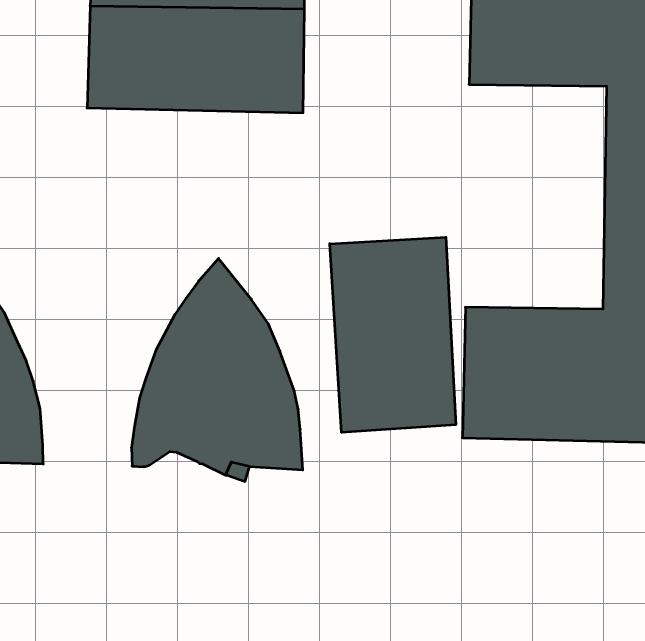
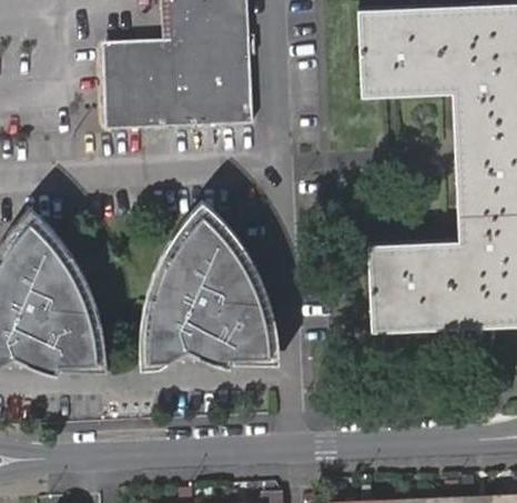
building: [330,237,456,432] -> none

